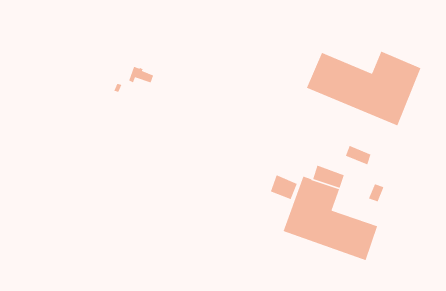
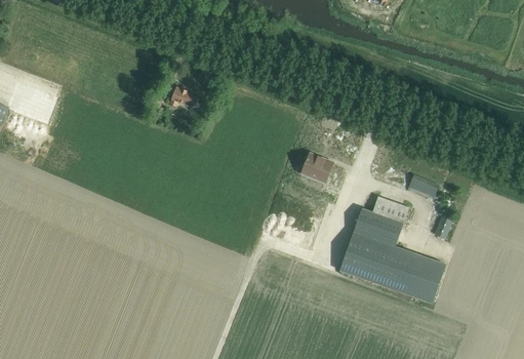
building: [306,51,421,127] -> none
building: [270,174,298,200] -> [301,153,332,182]

